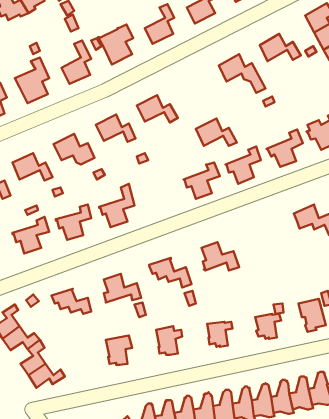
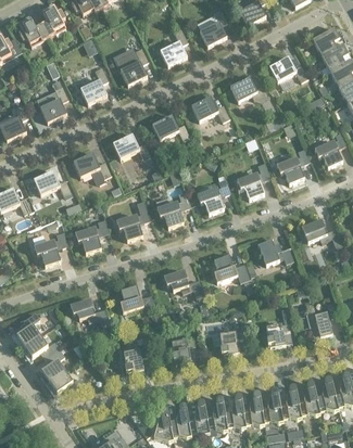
building: [196,119,237,146] -> [190,94,229,120]
building: none -> [154,190,190,227]
building: none -> [256,238,292,264]

